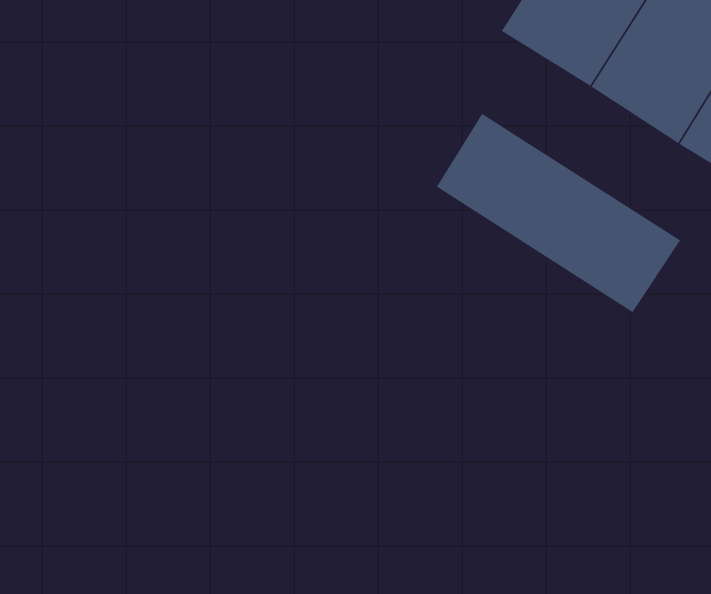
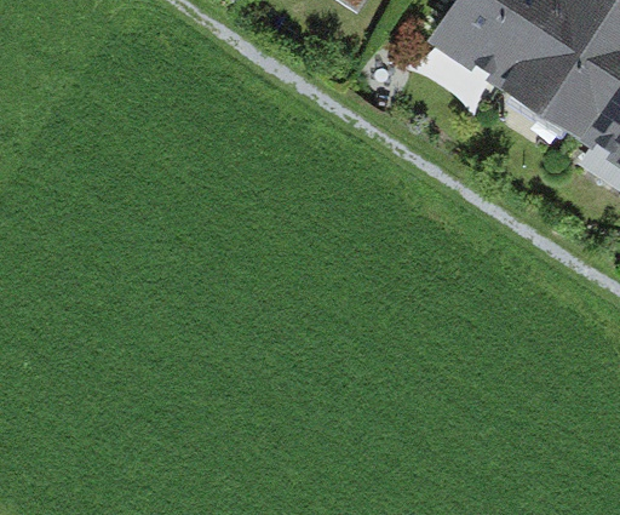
building: [436,113,681,313] -> none

